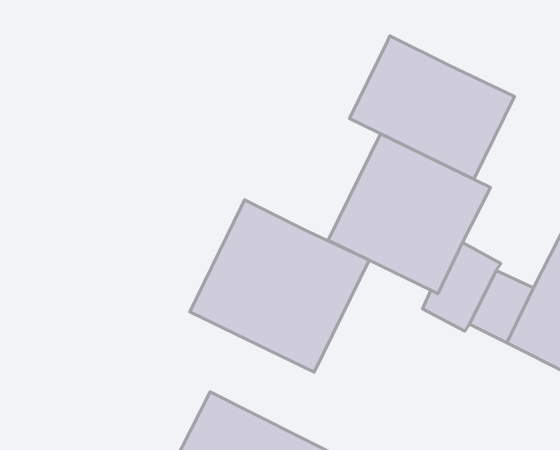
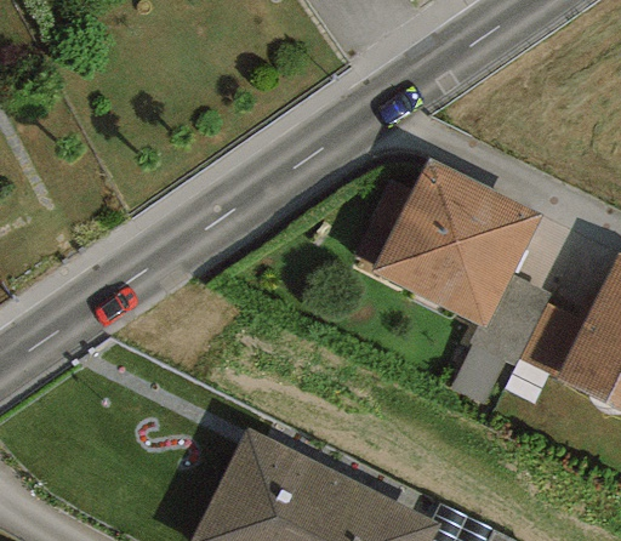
building: [349,36,514,179] -> none
building: [190,200,369,372] -> none

